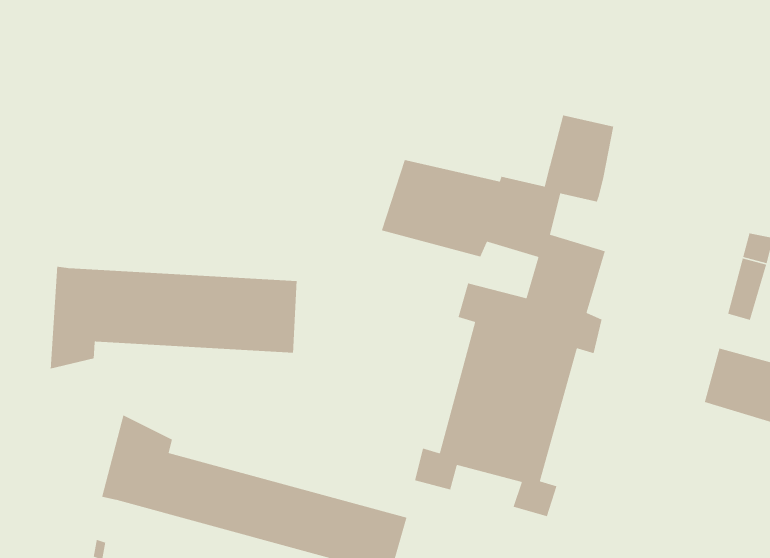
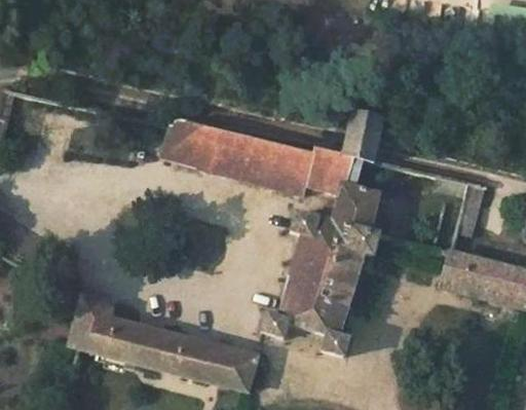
building: none -> [162,117,257,180]
building: [50,266,297,369] -> none

